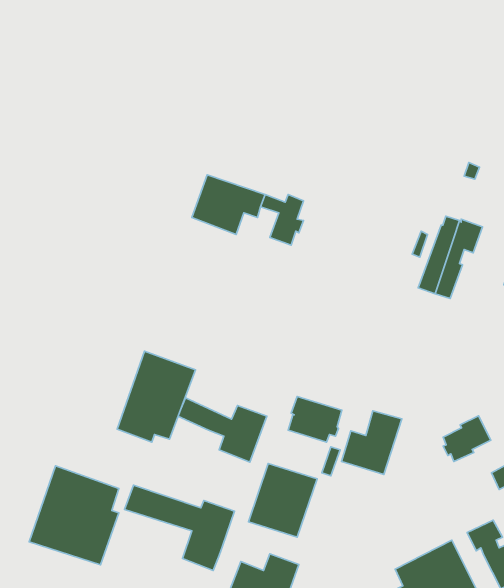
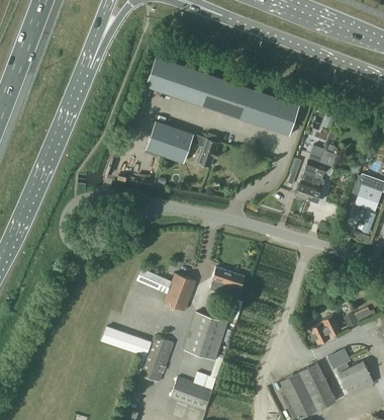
building: none -> [146,56,300,136]
building: [117,351,196,442] -> none
building: [342,411,402,475] -> none
building: [443,416,491,462] -> [310,314,342,344]
building: [29,466,119,565] -> none

